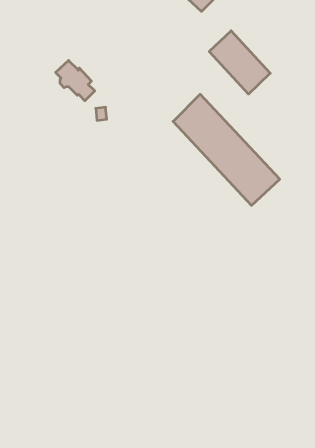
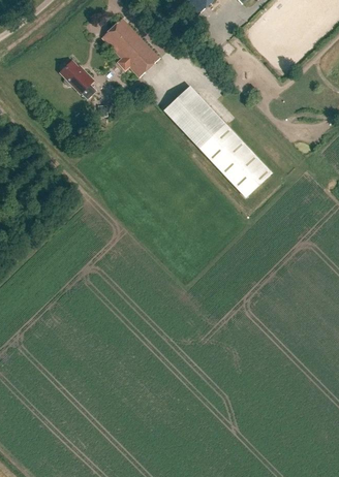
building: [209,31,270,94] -> [100,15,158,75]

